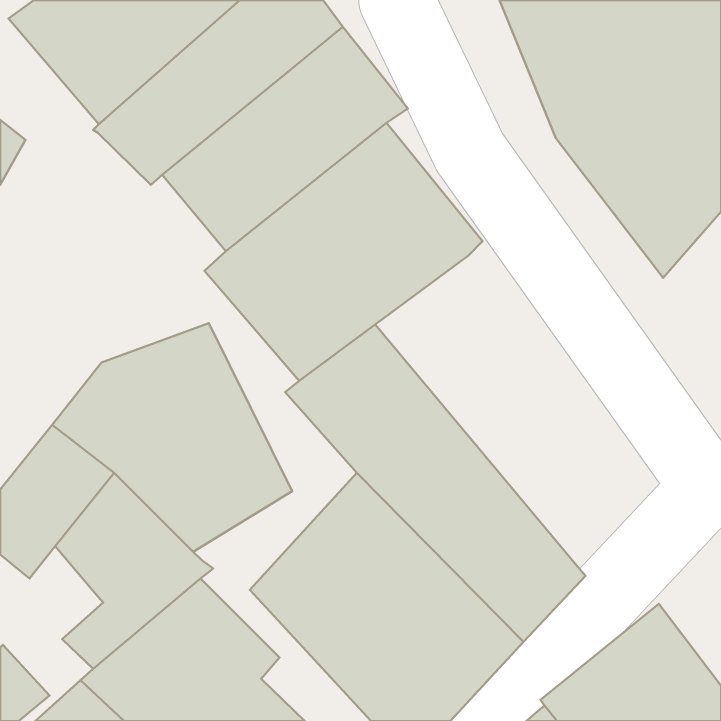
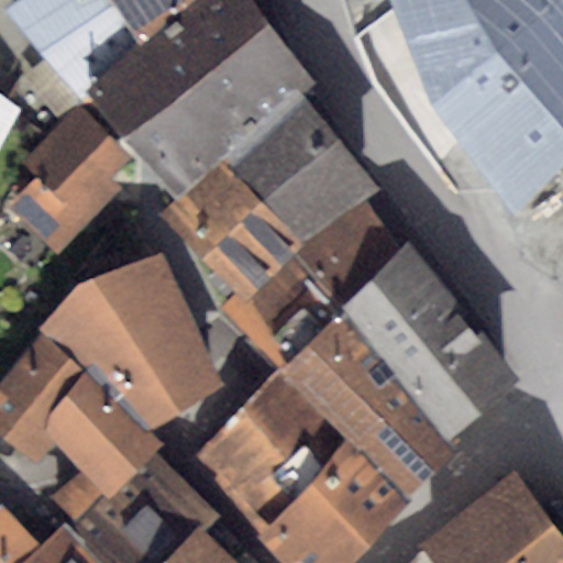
building: none -> [7,103,130,254]
building: none -> [292,199,519,440]

